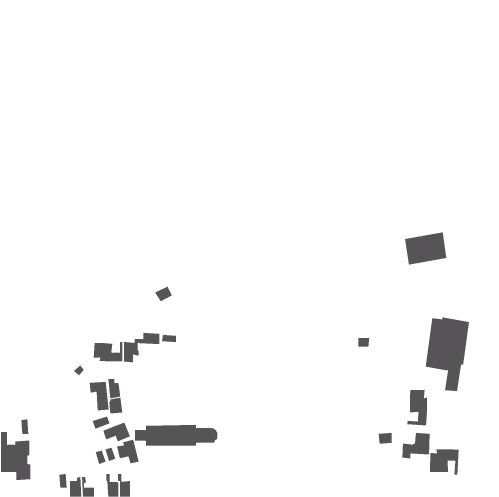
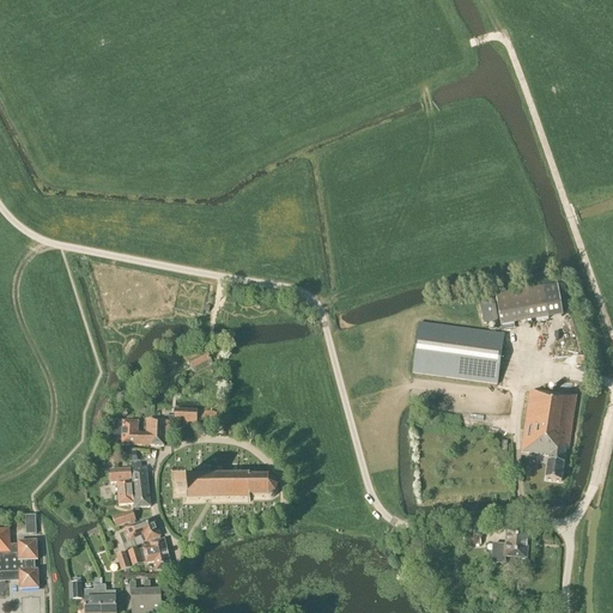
building: none -> [412,321,504,383]
building: [407,389,428,426] -> none
building: [134,425,218,446] -> [174,474,277,500]
building: [429,448,459,476] -> none

